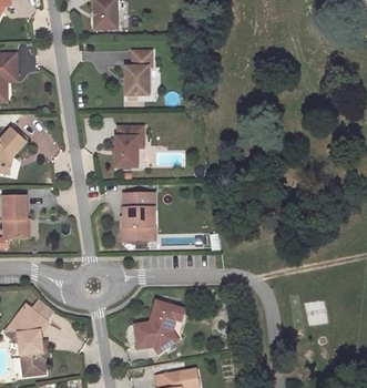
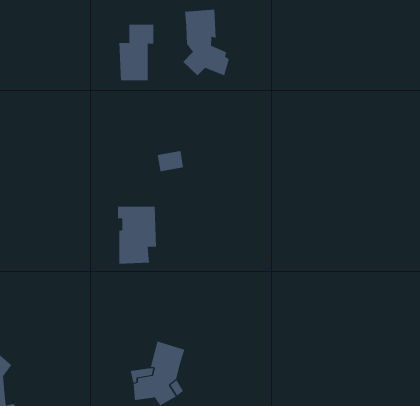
building: none -> [183,9,230,76]
building: [116,129,145,169] -> none

